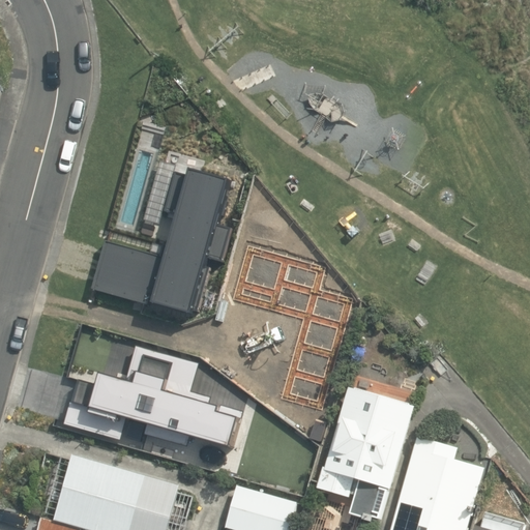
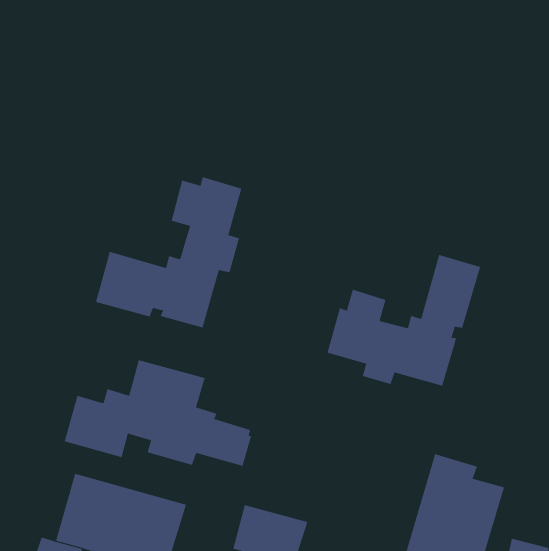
building: none -> [327,254,481,387]
building: [315,387,413,522] -> none

